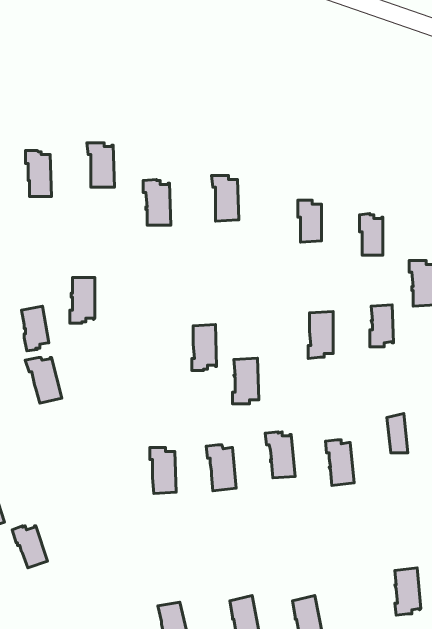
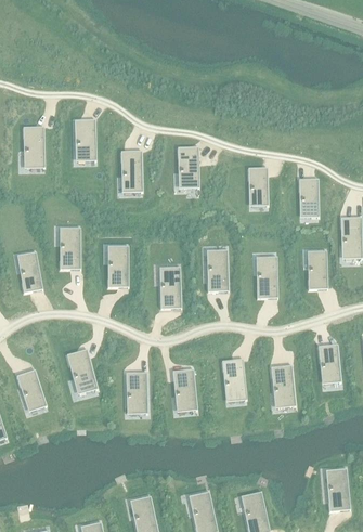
building: none -> [106,250,128,287]
building: [25,358,62,403] -> [65,352,95,390]
building: [233,358,259,404] -> [206,254,228,291]
building: [12,526,48,568] -> [15,373,44,407]

